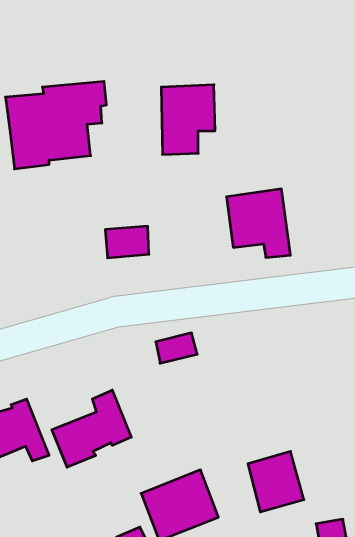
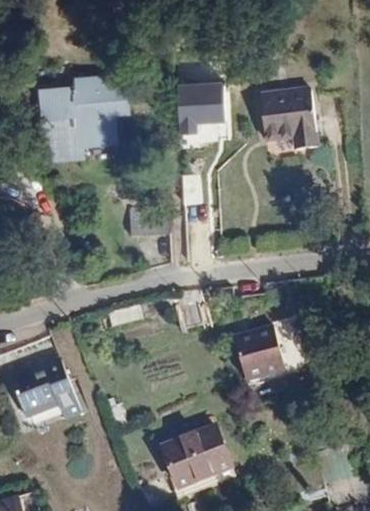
building: [226,189,290,257] -> [260,89,317,151]
building: [52,390,131,467] -> none
building: [248,451,304,512] -> [234,327,284,381]

